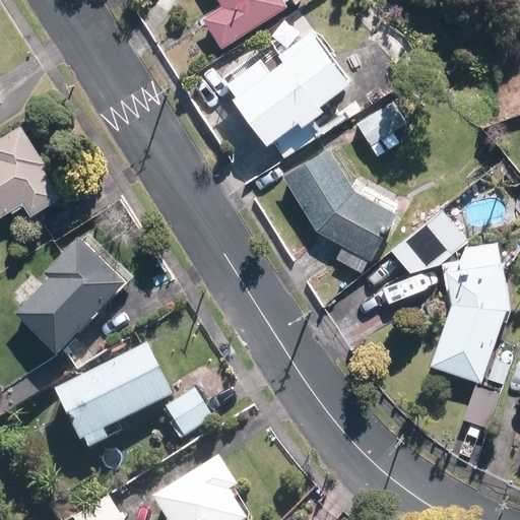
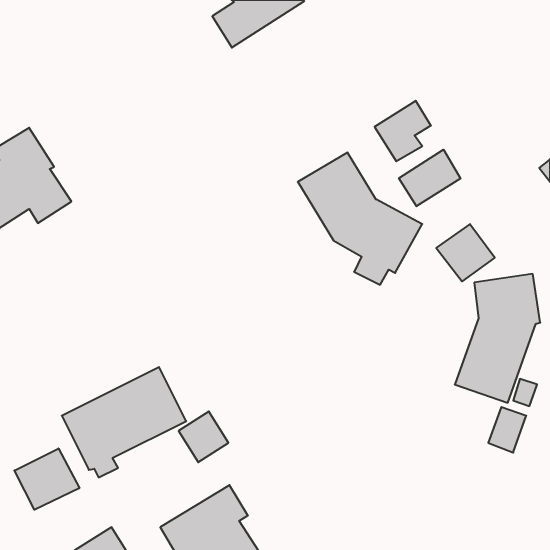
building: [233,35,349,155] -> none
building: none -> [399,150,460,206]
building: [19,233,132,350] -> none
building: none -> [14,448,79,510]

